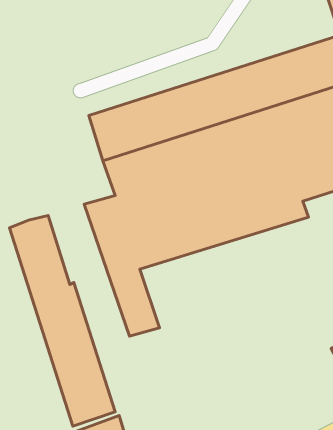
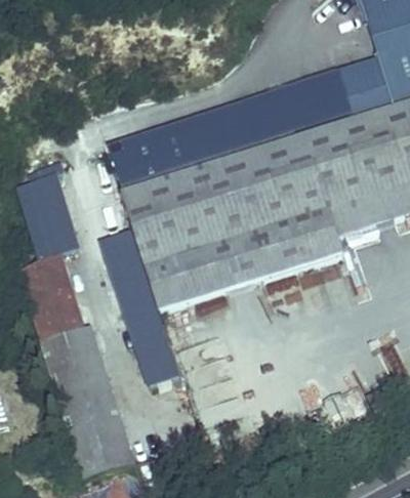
building: none -> [14,160,82,258]

